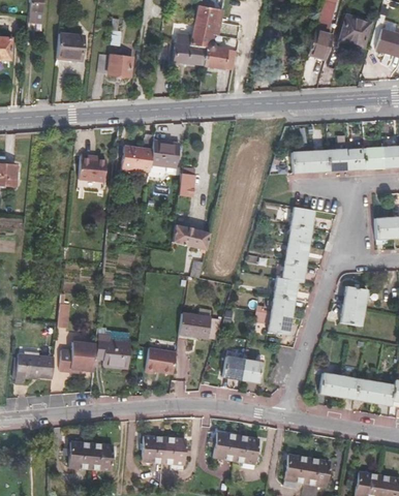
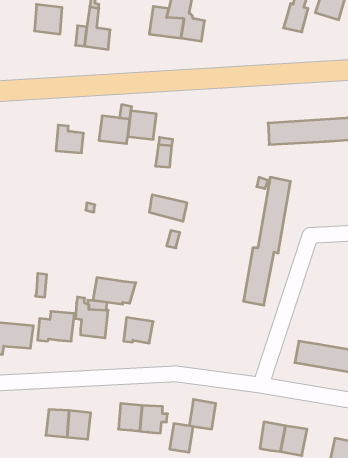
building: [340,286,367,327] -> none
building: [178,312,221,339] -> [93,278,136,304]
building: [222,355,263,383] -> none
building: [235,435,258,464] -> [170,424,193,452]

